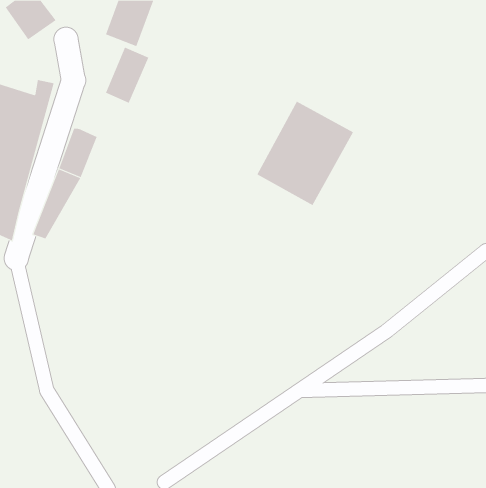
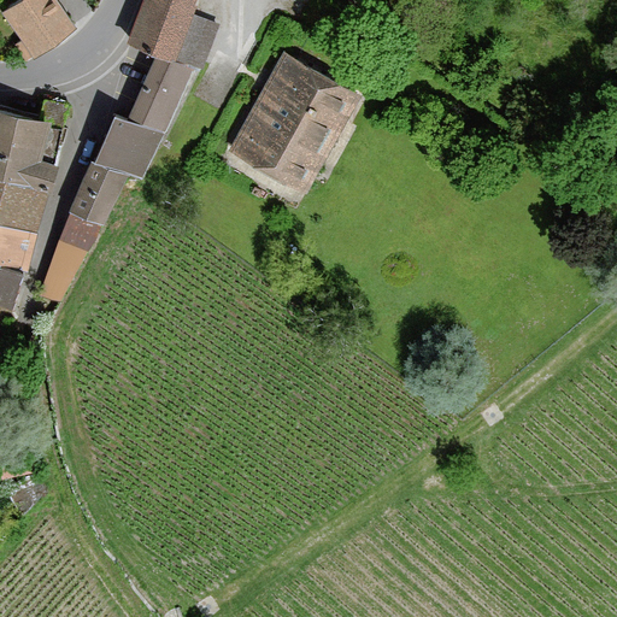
building: none -> [177,18,216,71]
building: none -> [99,119,161,182]
building: [256,101,354,206] -> [229,53,352,186]

